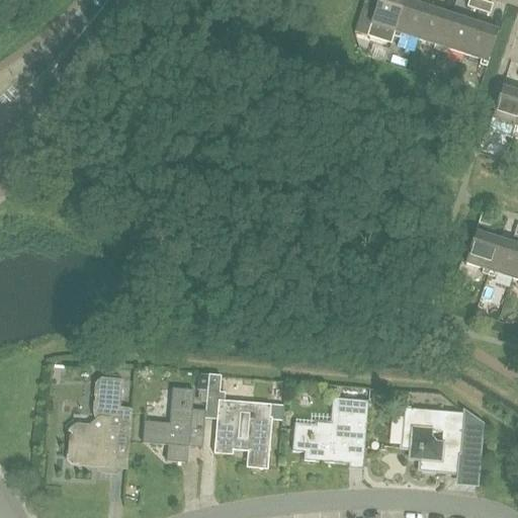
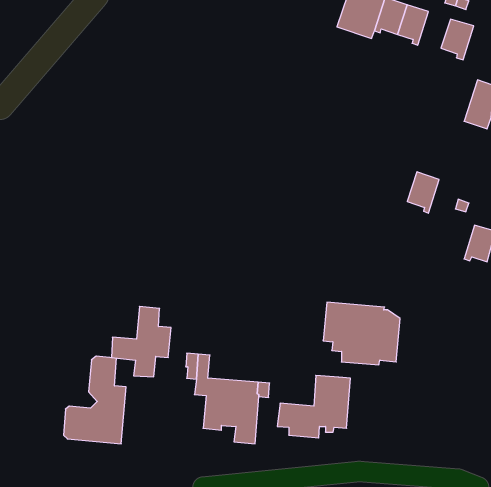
building: [440,12,474,51] -> none
building: [466,229,500,272] -> [407,172,439,213]
building: [144,385,206,459] -> [111,306,171,377]
building: [402,405,483,470] -> [323,302,400,365]

